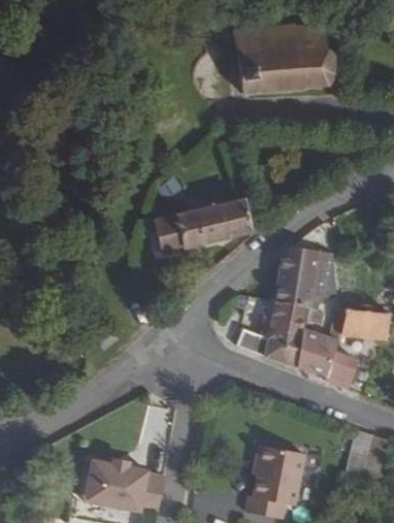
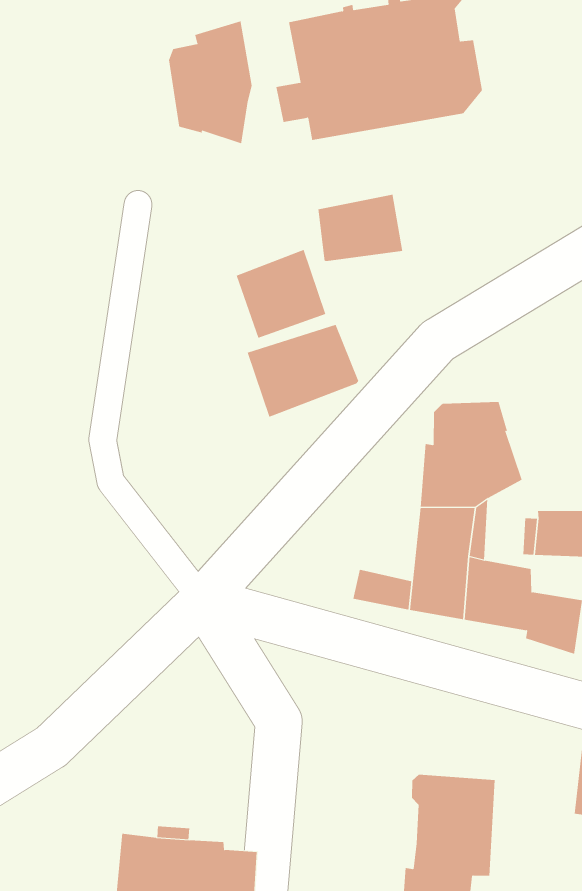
building: none -> [168,21,252,144]
building: none -> [318,194,403,262]
building: [155,208,201,254] -> [236,249,326,338]

